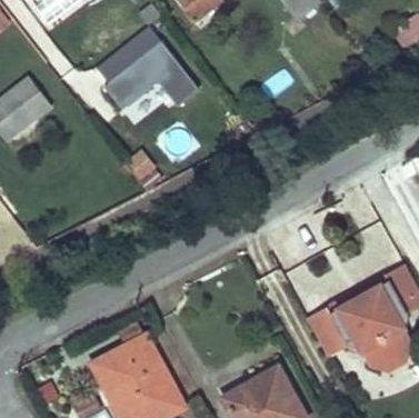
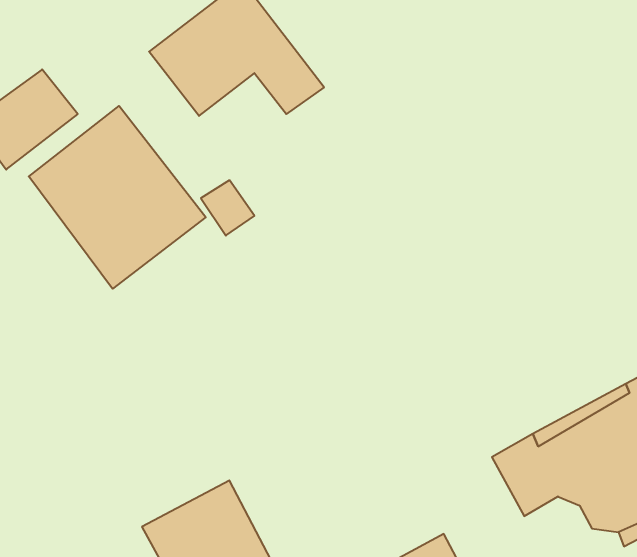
building: none -> [29,106,206,289]

